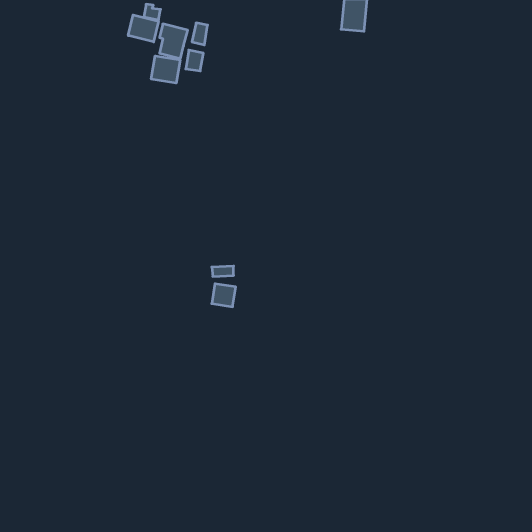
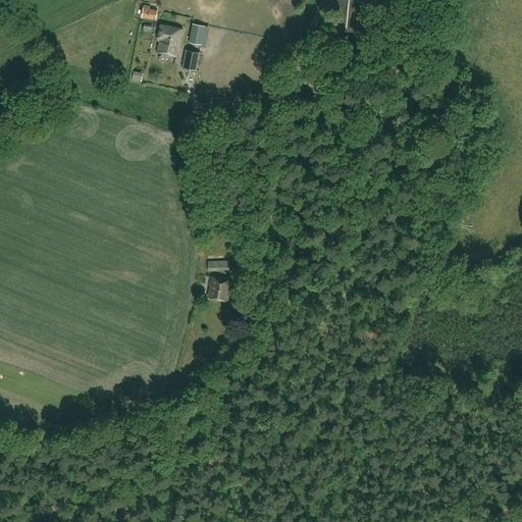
building: [128,15,158,42] -> none
building: [151,56,180,83] -> none

